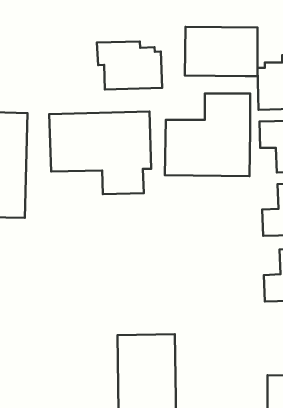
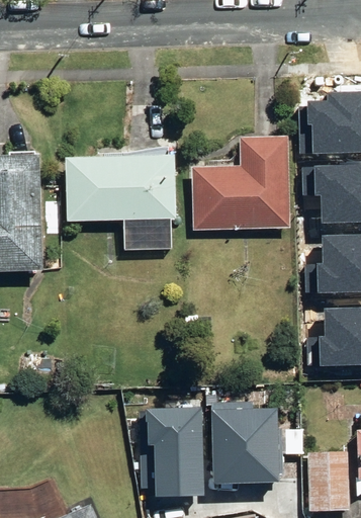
building: [185,27,258,76] -> none
building: [97,42,162,89] -> none
building: none -> [205,401,283,476]

